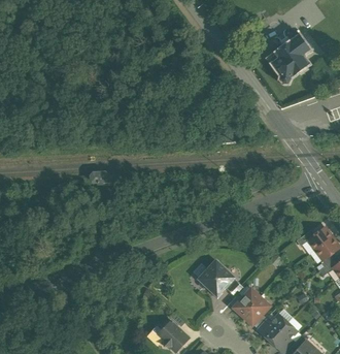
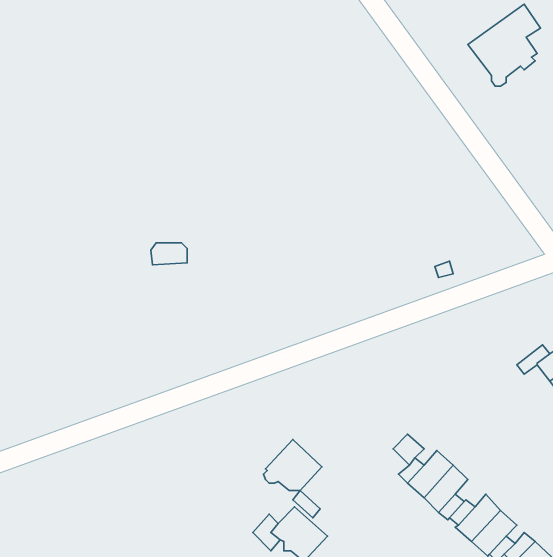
building: [200,262,233,291] -> [264,440,322,491]

